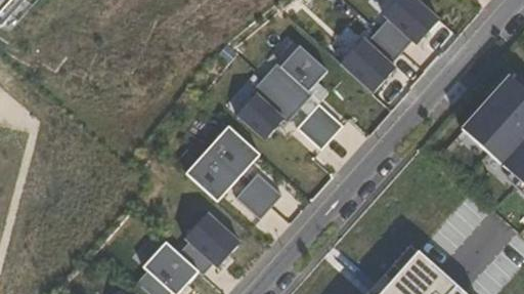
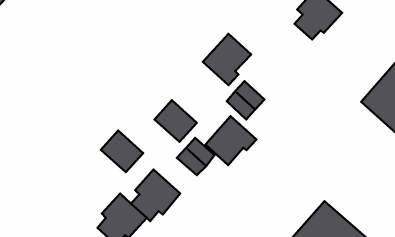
building: [340,31,401,90] -> none
building: [236,78,299,138] -> [206,116,256,165]
building: [186,149,238,200] -> [101,131,143,172]

